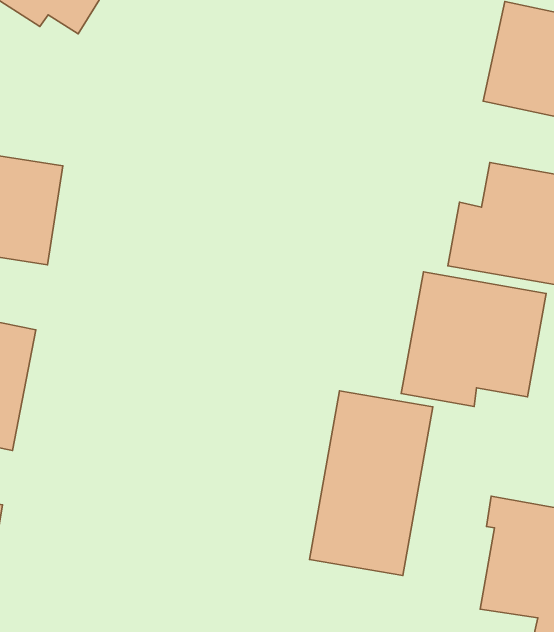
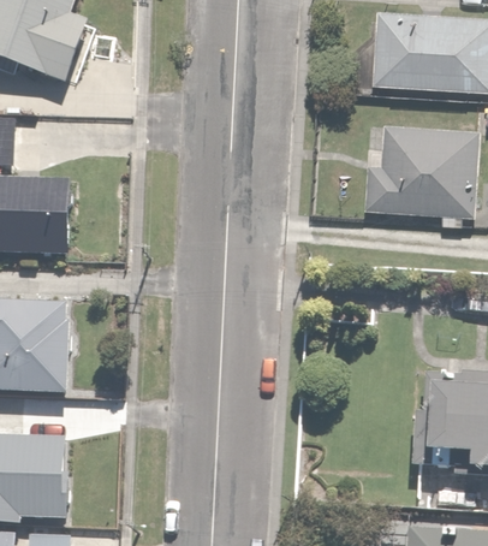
building: [401,272,546,407] -> none
building: [310,391,433,575] -> none

